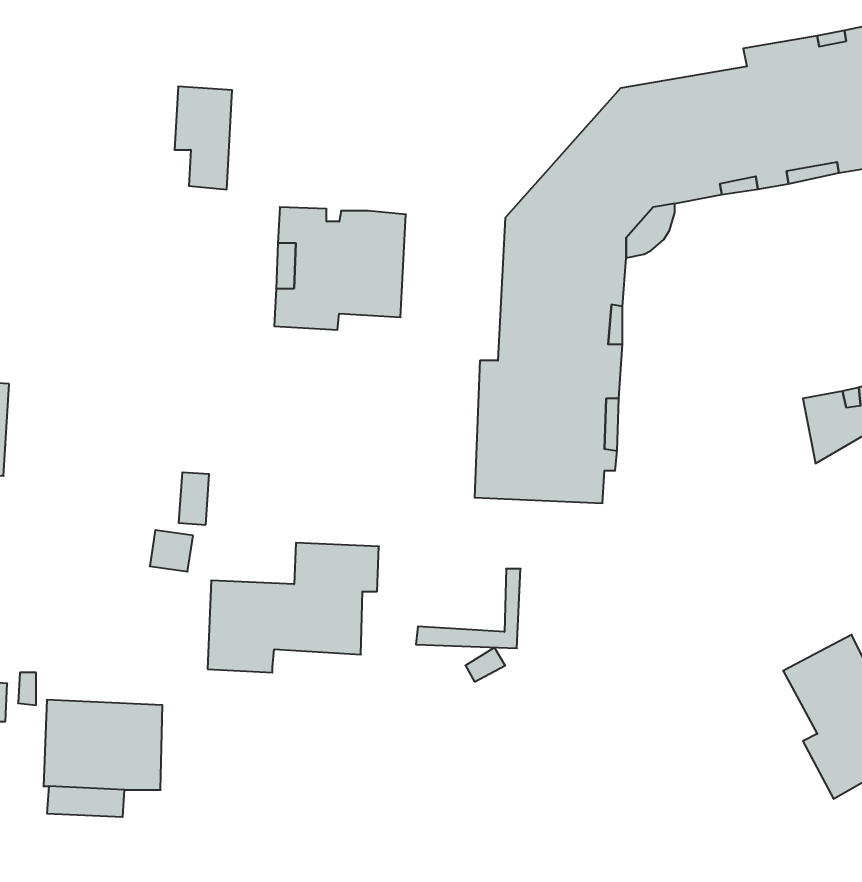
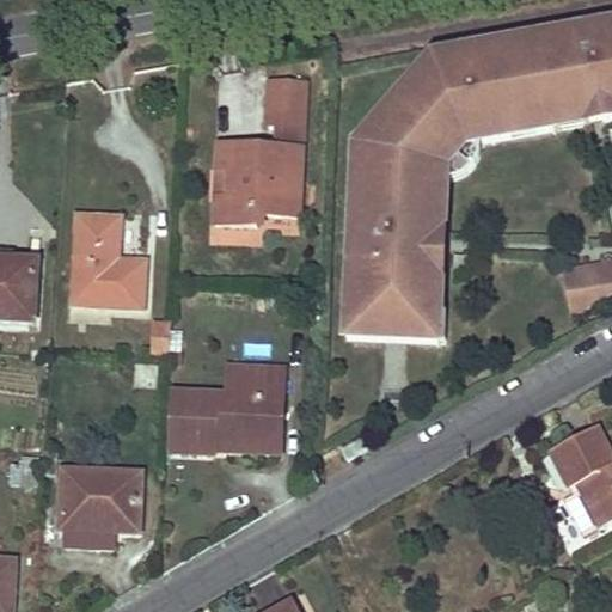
building: none -> [350,36,527,243]
building: [174,87,232,189] -> [267,78,305,146]
building: none -> [72,212,145,305]
building: [416,569,521,648] -> [213,396,282,448]

